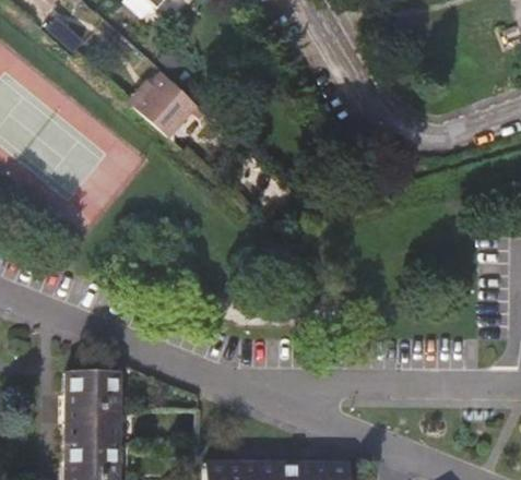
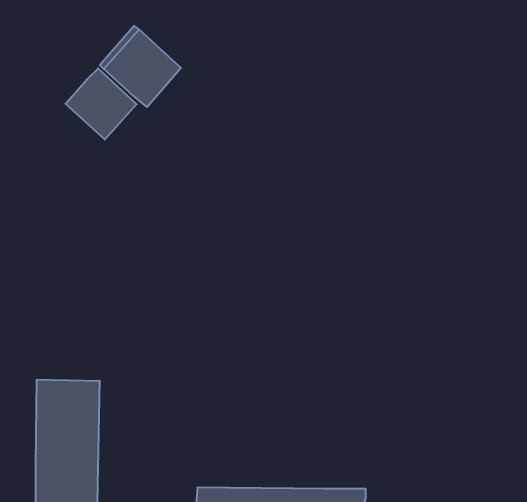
building: none -> [65,68,137,140]

